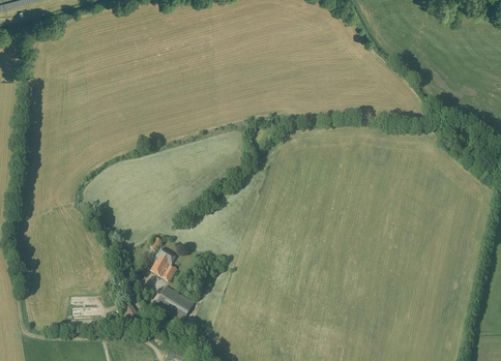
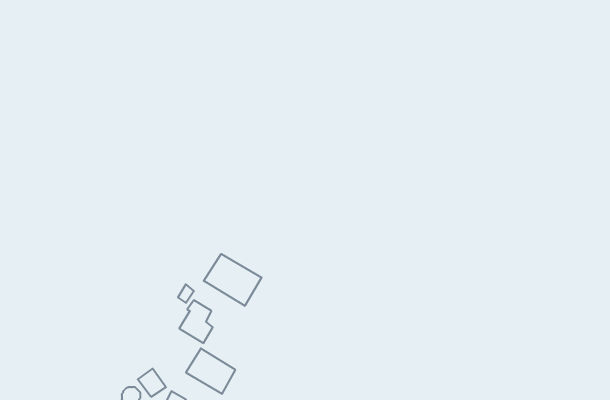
building: none -> [204,254,262,306]

